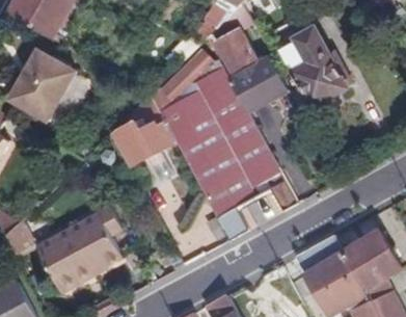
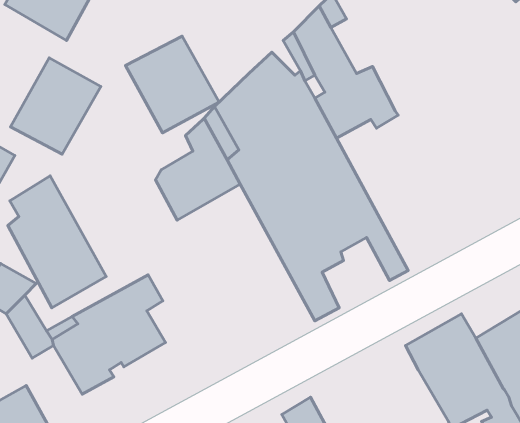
building: [269,21,346,112] -> none
building: none -> [125,36,219,133]
building: none -> [8,176,106,308]

